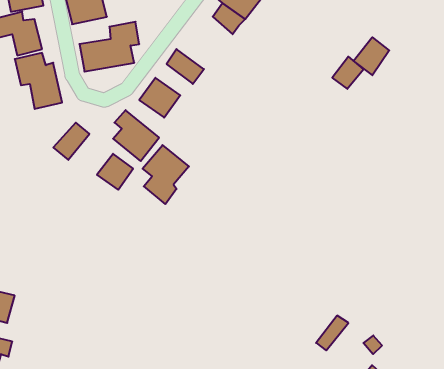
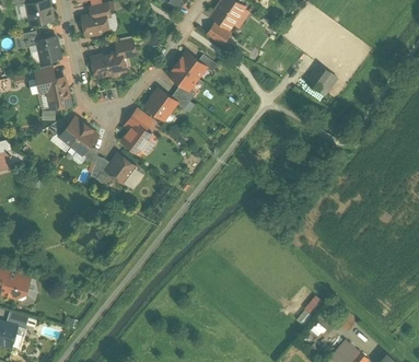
building: none -> [174,48,207,79]
building: [354,37,389,75] -> none
building: none -> [54,115,85,148]
building: [143,145,189,204] -> none

